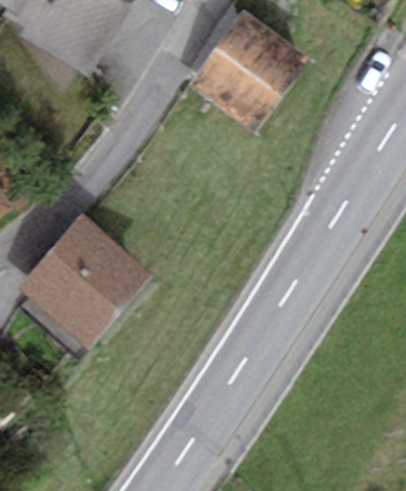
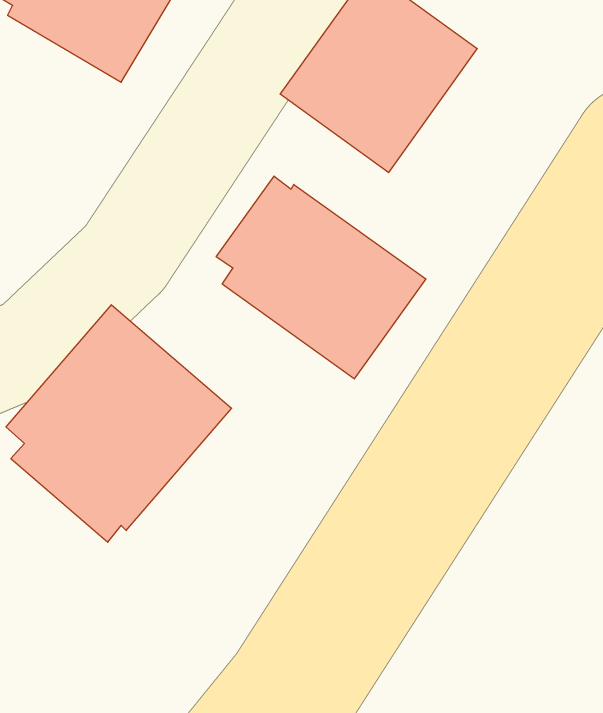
building: none -> [216,176,426,379]

